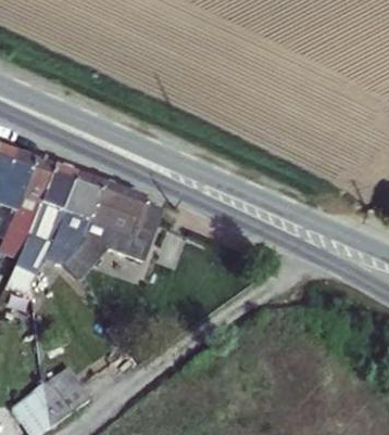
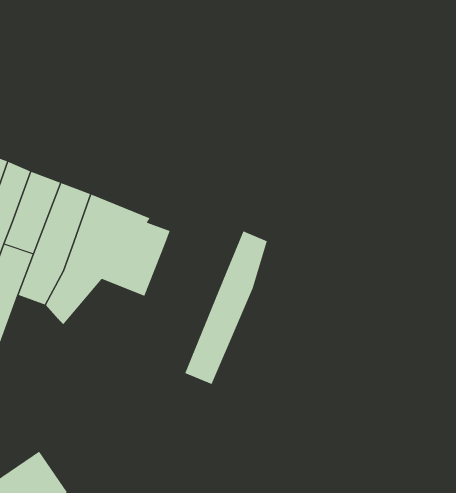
building: none -> [185,230,268,385]

